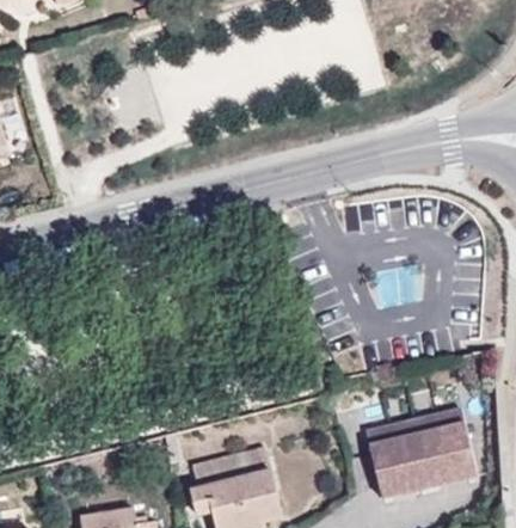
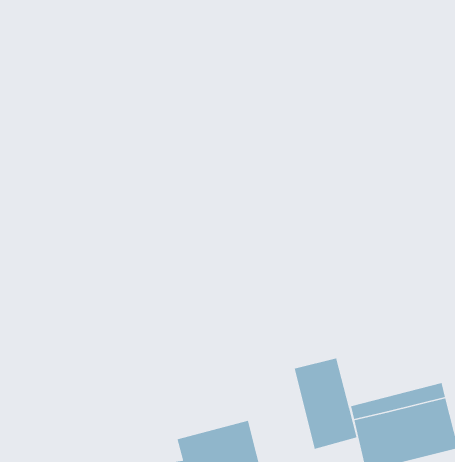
building: none -> [294,358,358,450]

